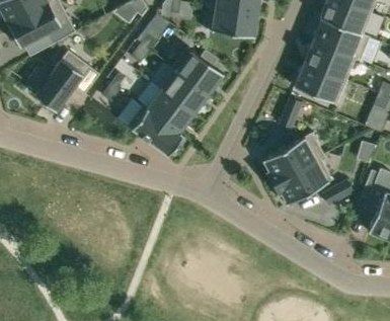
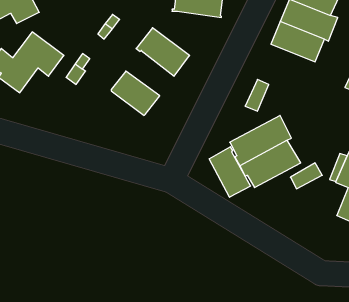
building: [294,63,346,104] -> none
building: [160,69,208,113] -> none
building: [127,104,183,156] -> none
building: none -> [209,147,251,197]

